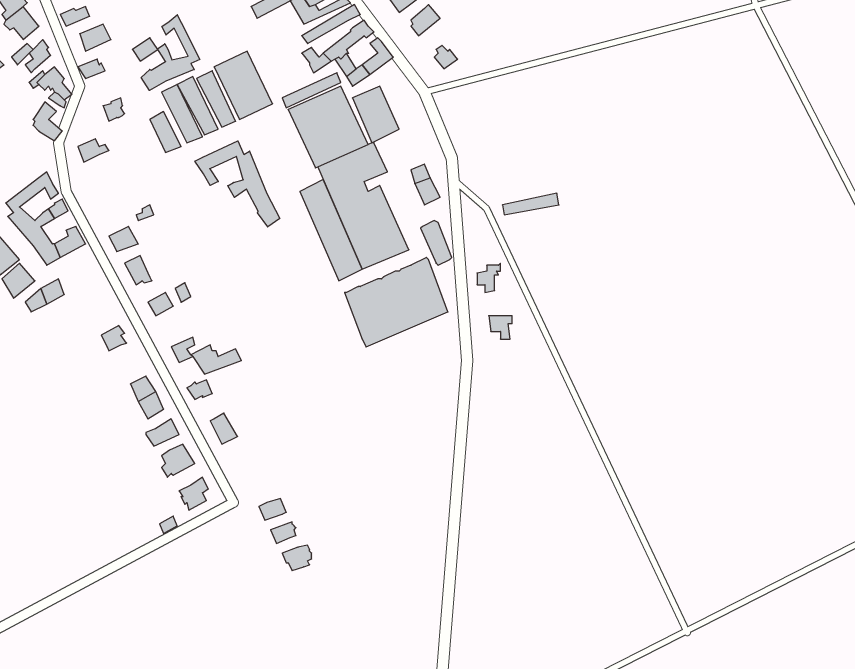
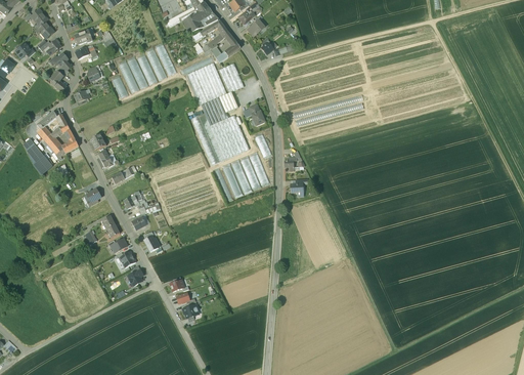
building: [141,15,200,90] -> none
building: [195,141,280,227] -> none

